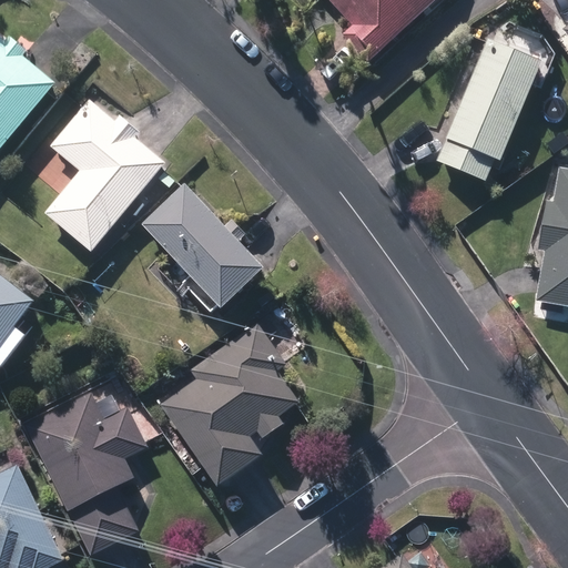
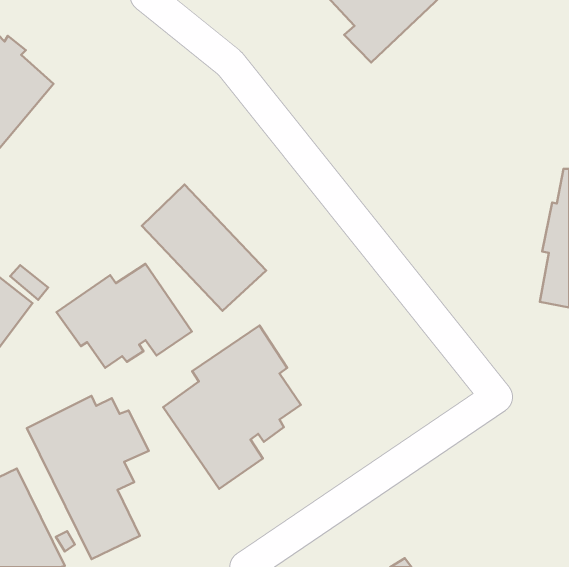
building: [437,40,540,181] -> none
building: [43,99,164,252] -> none
building: none -> [56,264,192,368]

